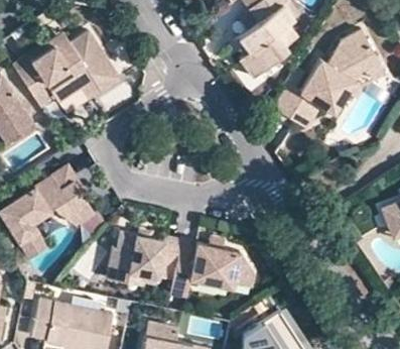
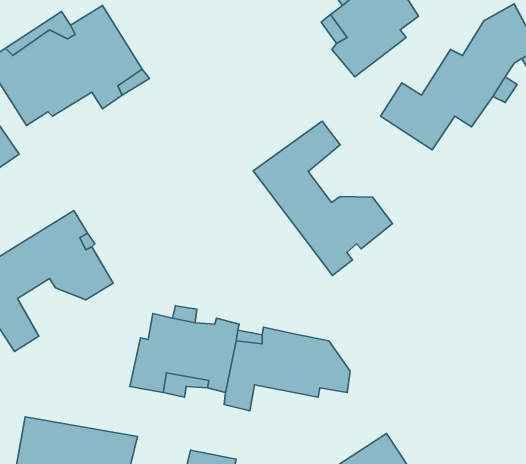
building: none -> [253,121,393,275]

